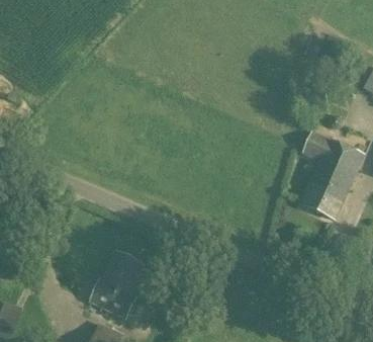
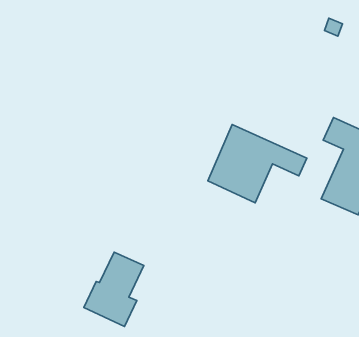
building: none -> [208,125,307,203]

